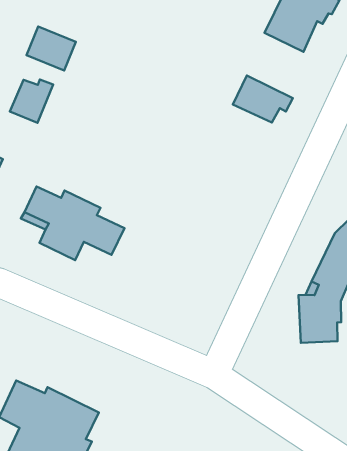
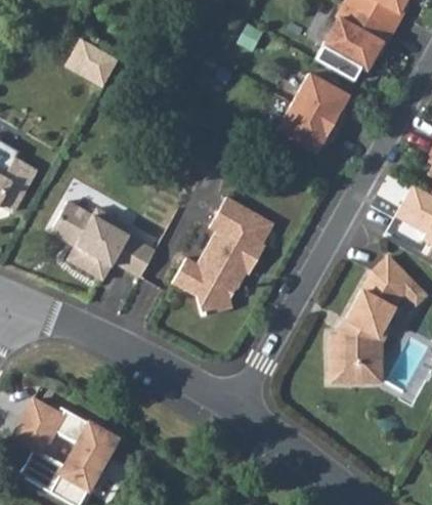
building: none -> [294,73,349,128]
building: [10,79,53,123] -> none
building: none -> [173,197,274,315]

